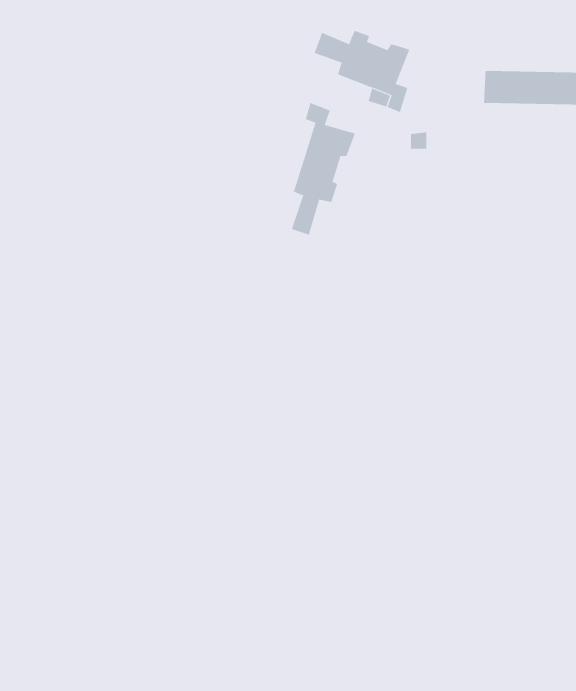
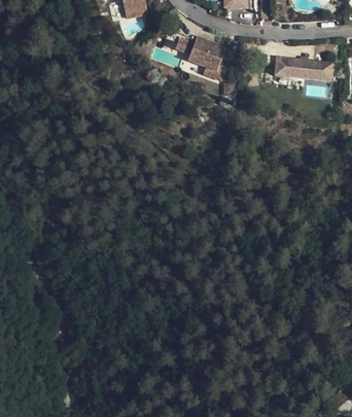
building: [291,102,356,235] -> none

